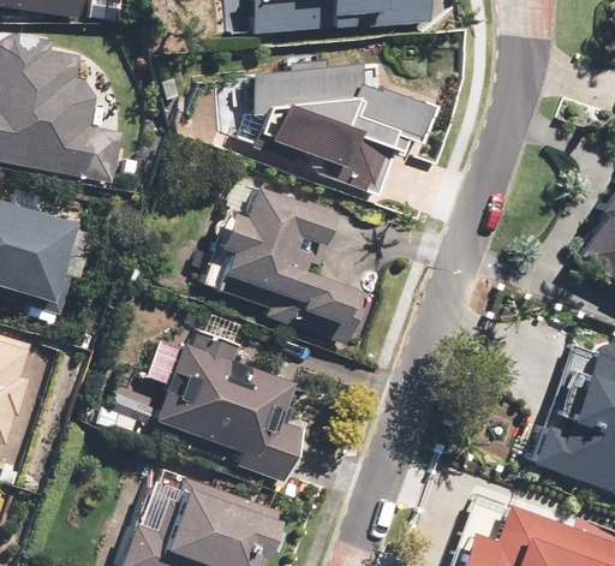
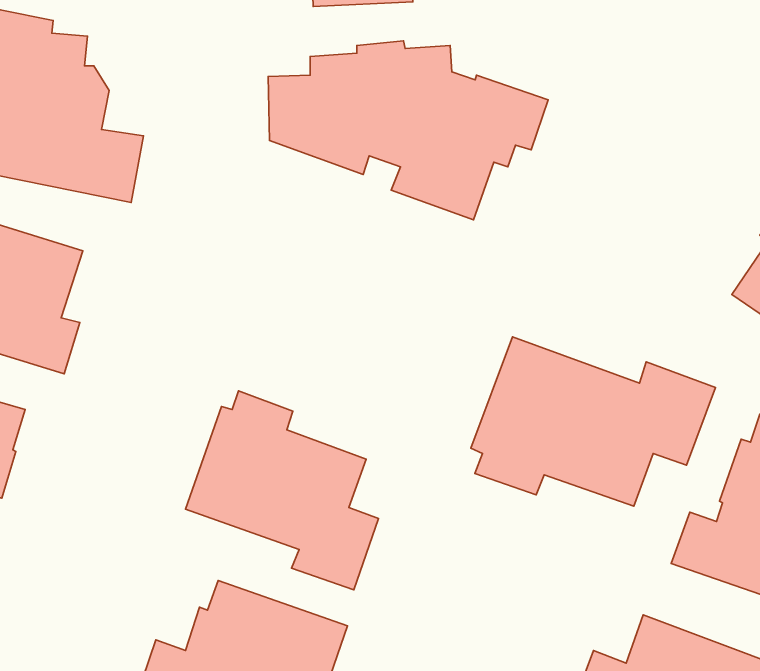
building: [216,183,364,345] -> none
building: none -> [471,337,716,506]

